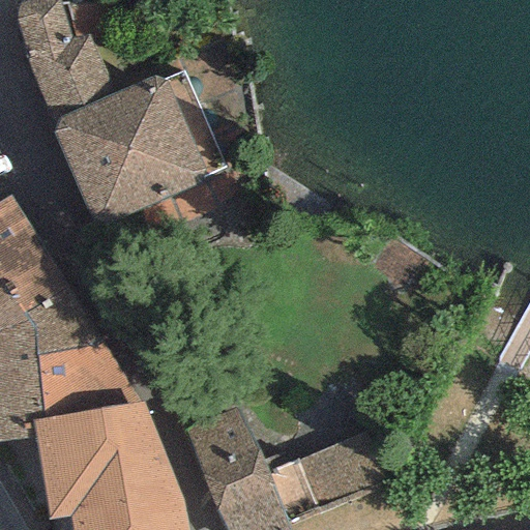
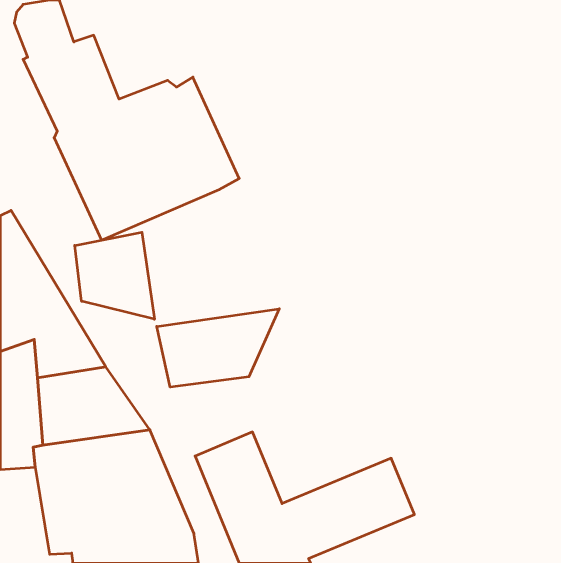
building: none -> [75,232,154,319]
building: none -> [157,309,279,387]

